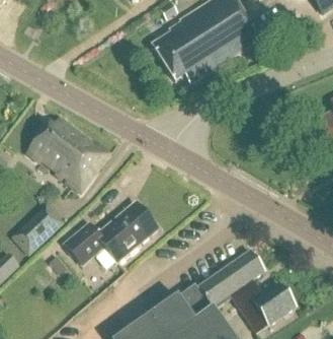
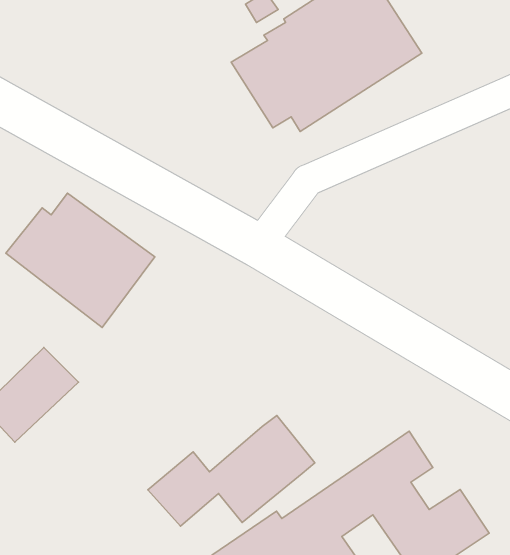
building: [65,200,158,262] -> [148,415,315,526]

